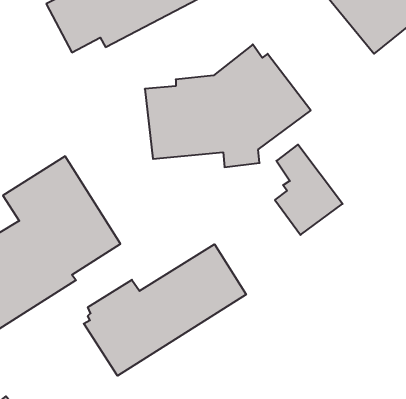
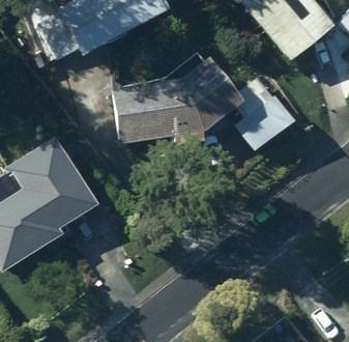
building: [275,145,343,235] -> [236,81,288,150]
building: [84,244,246,376] -> none

